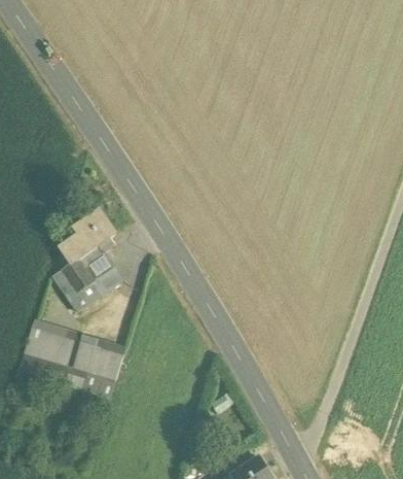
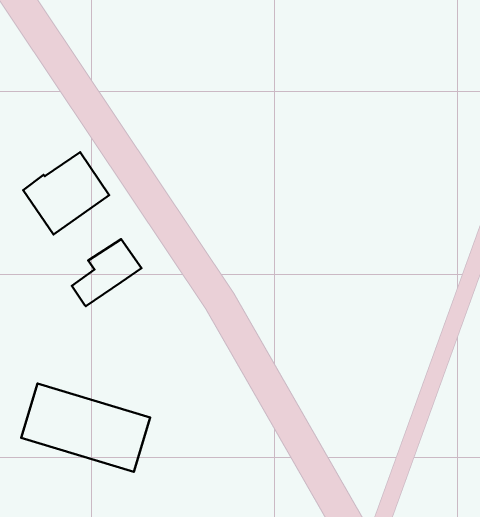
building: [53,244,123,311] -> [23,152,109,234]

